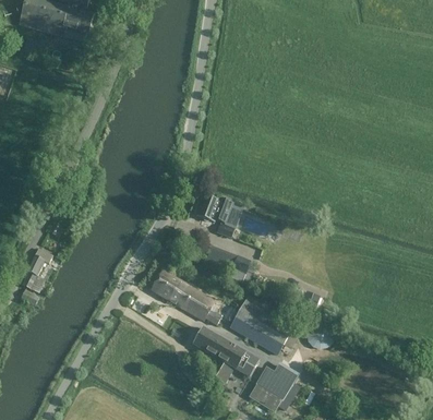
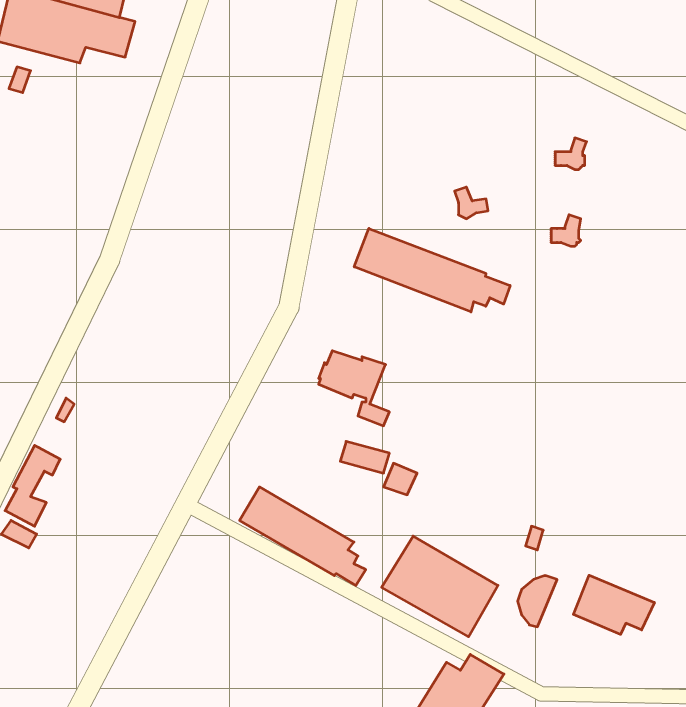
building: none -> [354,228,510,312]
building: none -> [573,575,654,634]
building: [193,327,260,385] -> none

